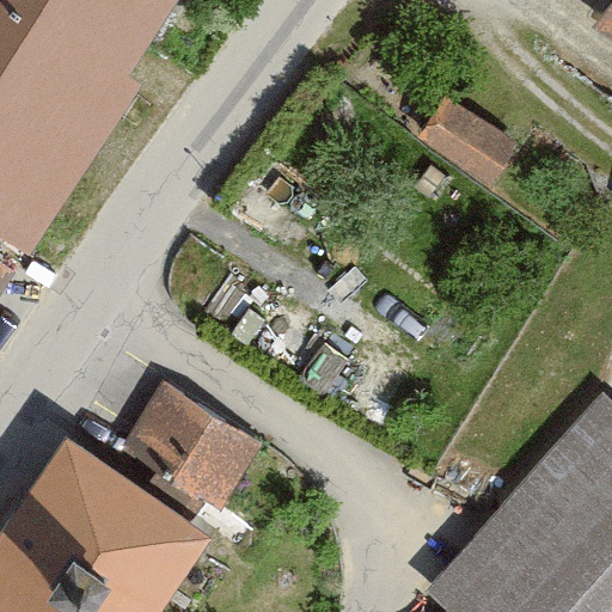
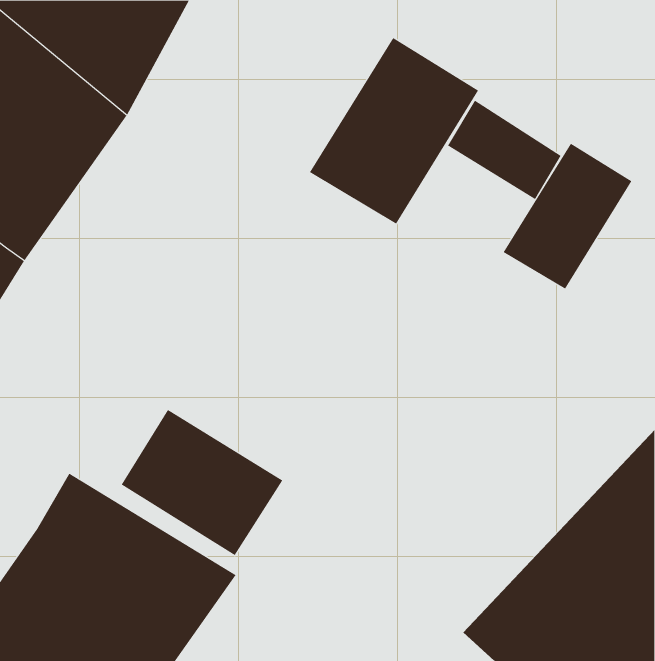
building: none -> [309,37,479,225]
building: none -> [503,143,632,290]

